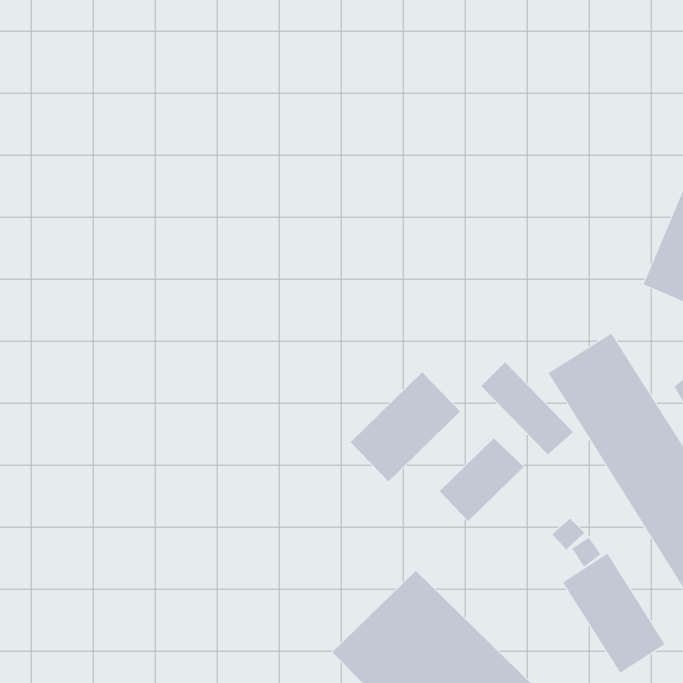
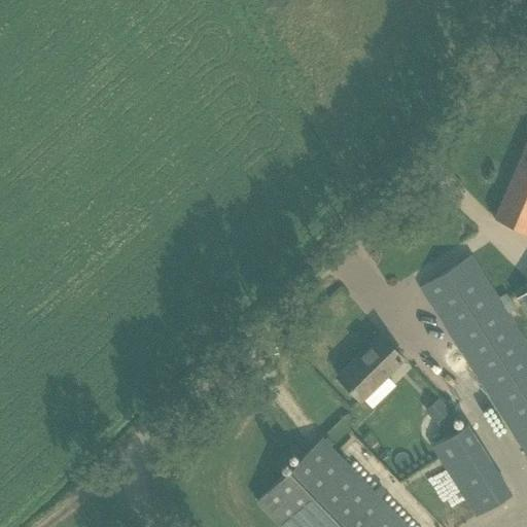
building: [481,362,574,455] -> none
building: [350,371,461,482] -> none

